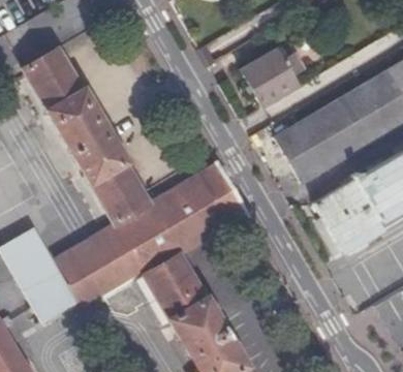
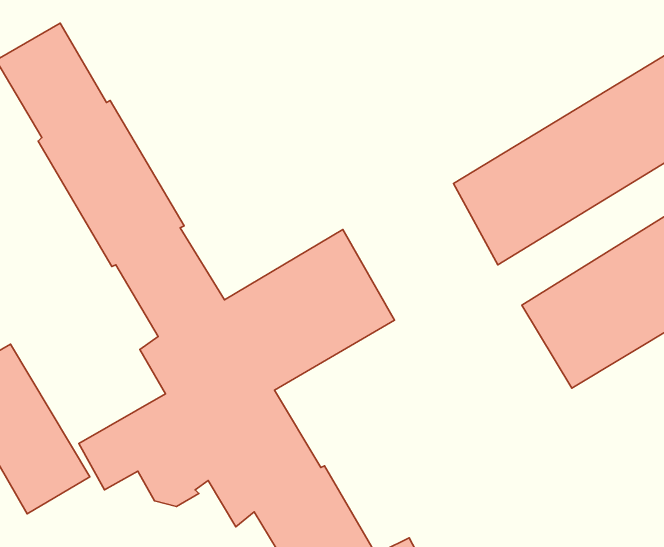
building: [246,48,308,104] -> none
building: [55,228,118,281] -> none

